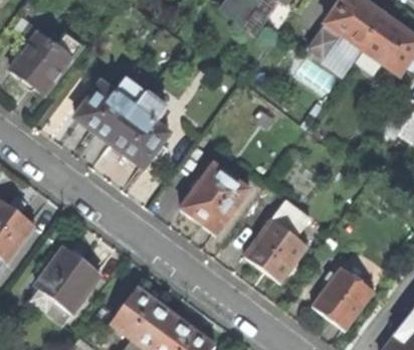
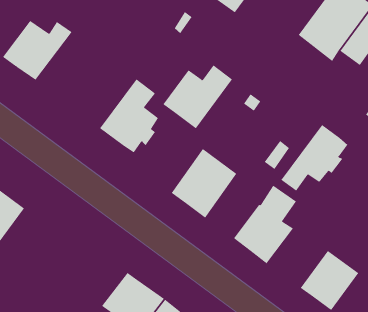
building: [74,75,146,141] -> [162,65,233,129]
building: none -> [281,124,348,192]
building: [31,245,99,322] -> none

